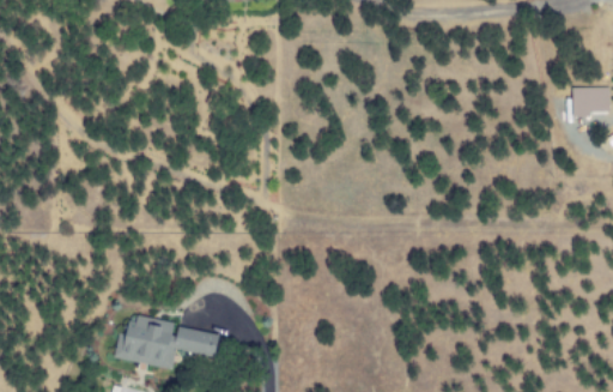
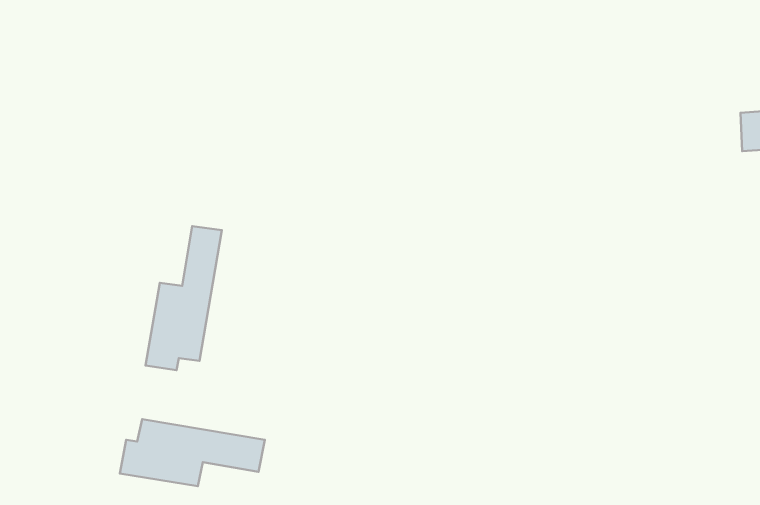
building: none -> [146,226,222,370]

